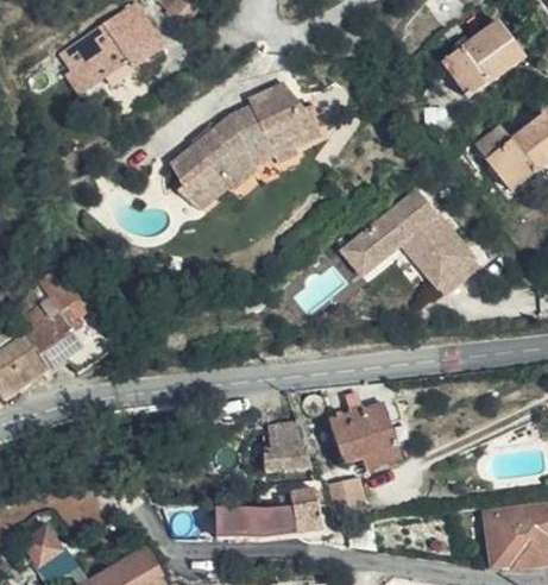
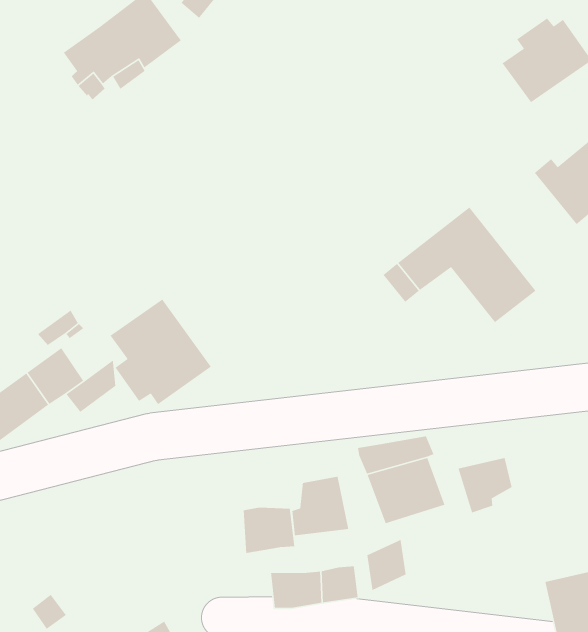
building: [165,81,317,208] -> none
building: none -> [109,299,212,405]
building: none -> [457,457,513,513]
building: none -> [243,507,295,554]

